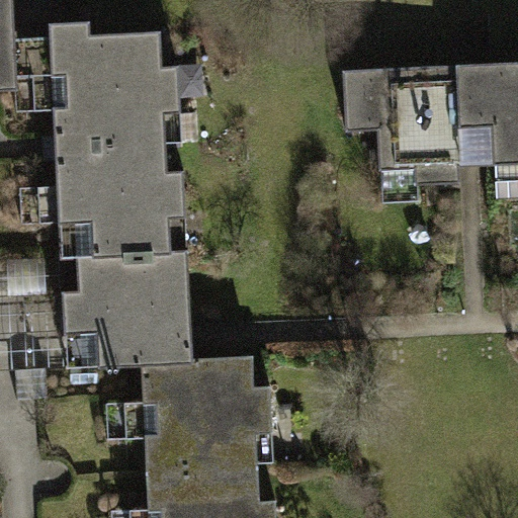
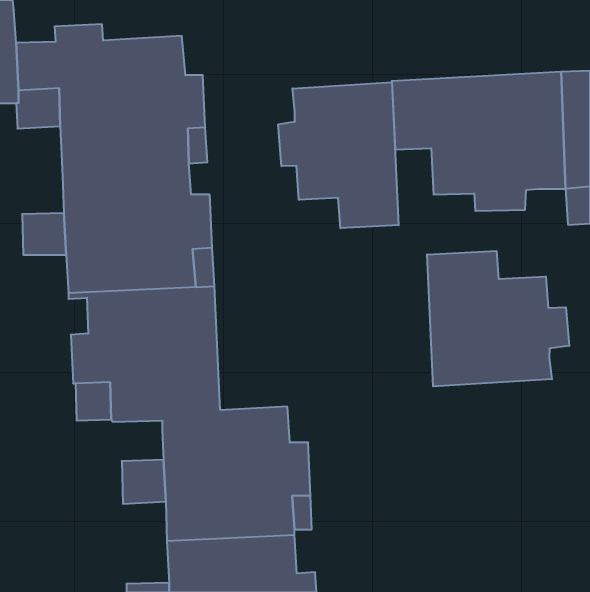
building: none -> [278,82,399,228]
building: none -> [427,251,569,386]

